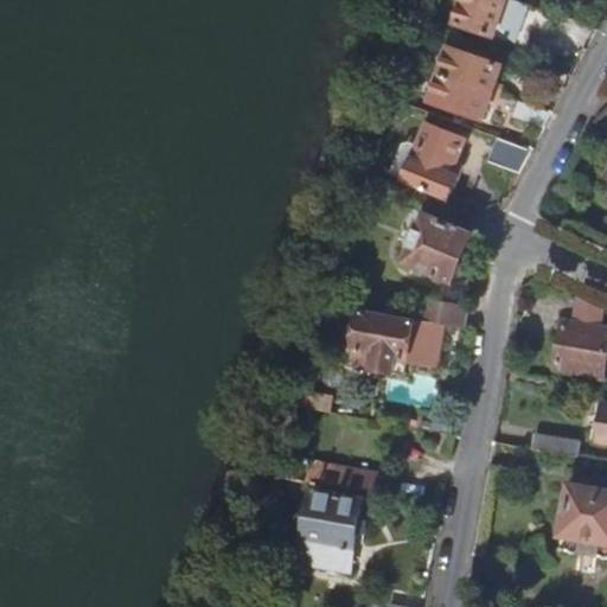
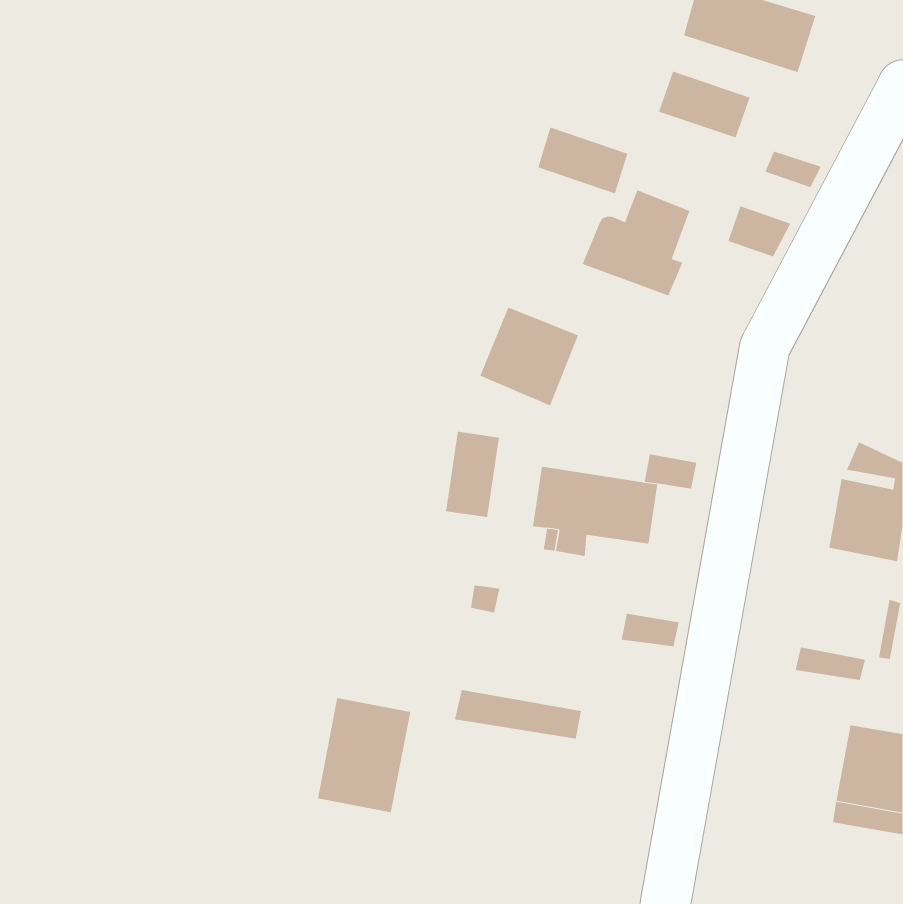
building: [432,75,492,120] -> [538,127,628,194]
building: [404,216,471,282] -> [480,307,579,406]
building: none -> [445,431,500,518]
building: [299,493,362,570] -> [317,698,411,813]

